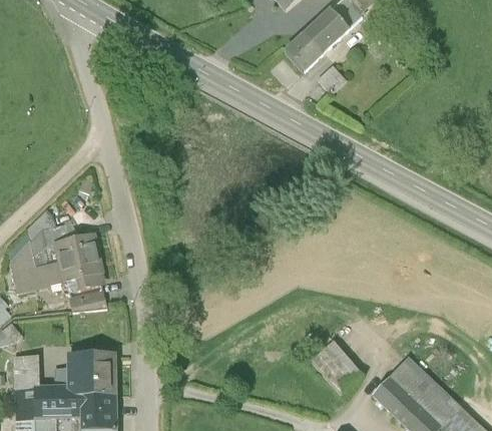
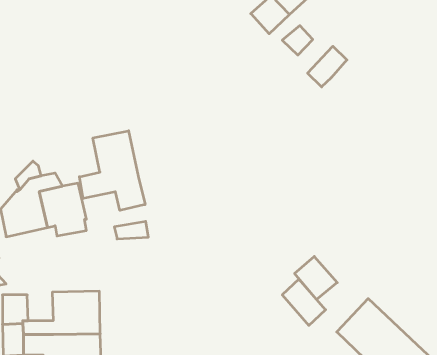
building: none -> [308,46,347,87]
building: none -> [79,131,145,210]
building: [67,292,104,311] -> [114,221,148,239]
building: none -> [295,256,337,300]

